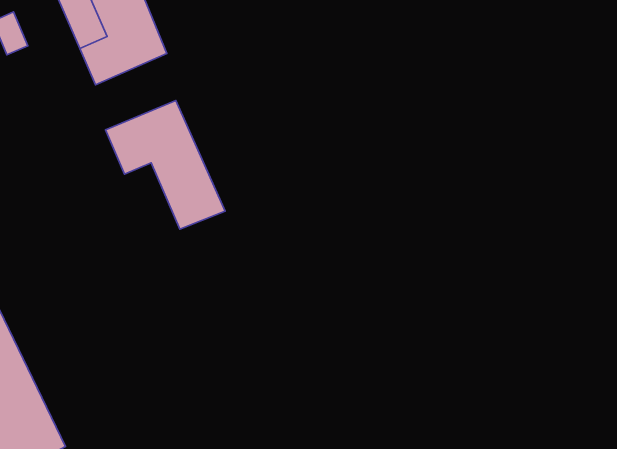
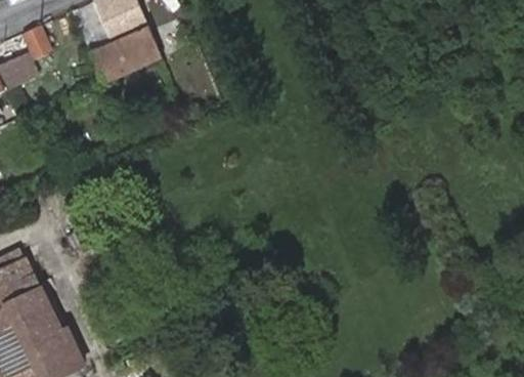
building: [106,100,225,229] -> none

